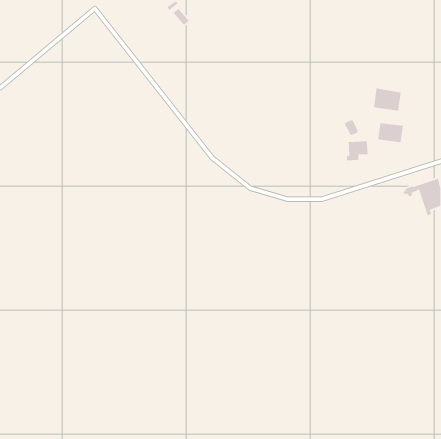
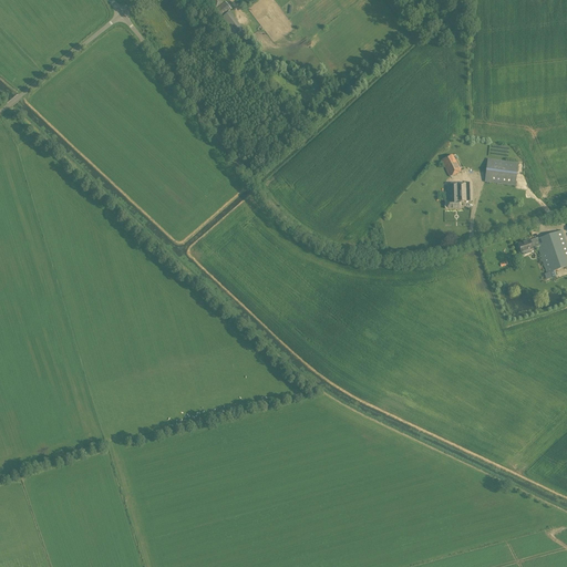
building: [373,88,402,111] -> none

